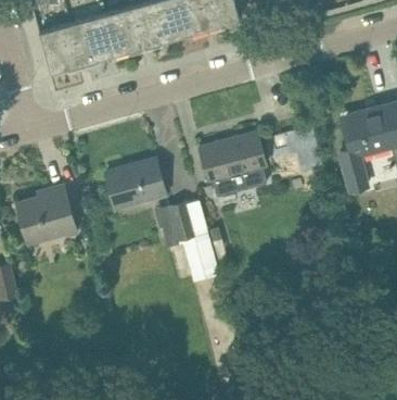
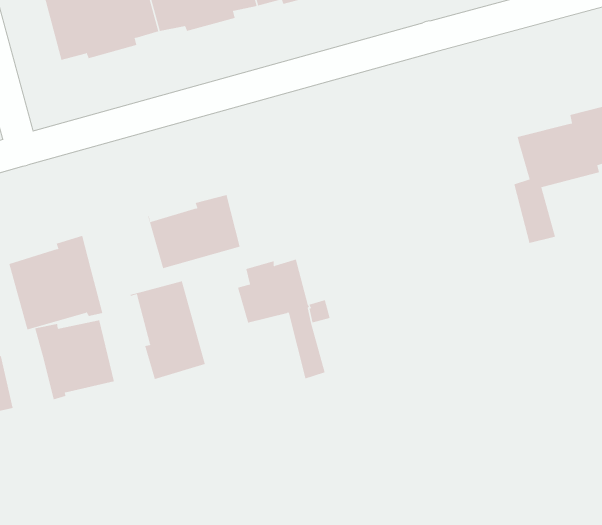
building: [197,130,266,196] -> none
building: none -> [130,280,205,380]
building: none -> [35,320,114,400]

